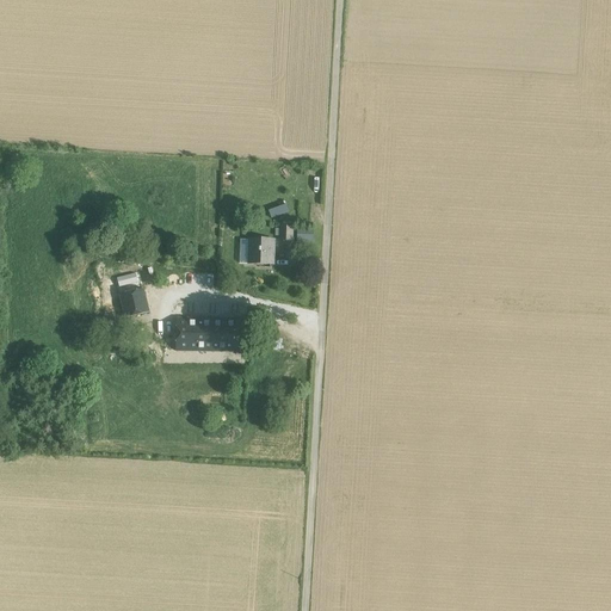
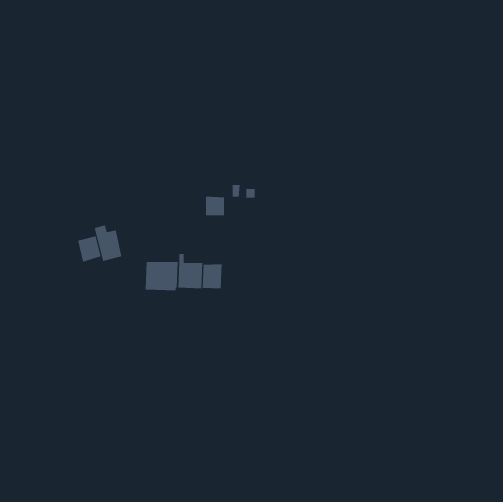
building: none -> [77,236,101,262]
building: none -> [202,264,222,289]

